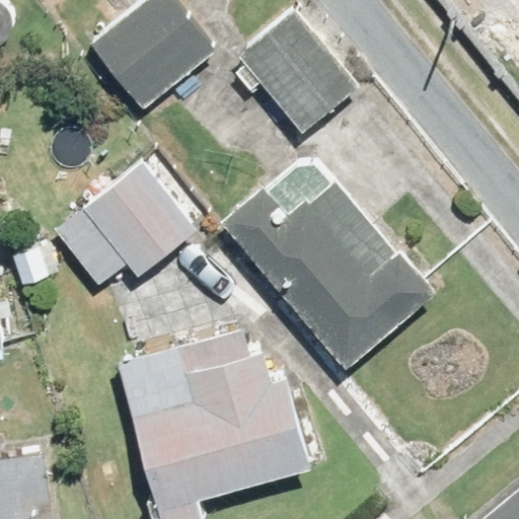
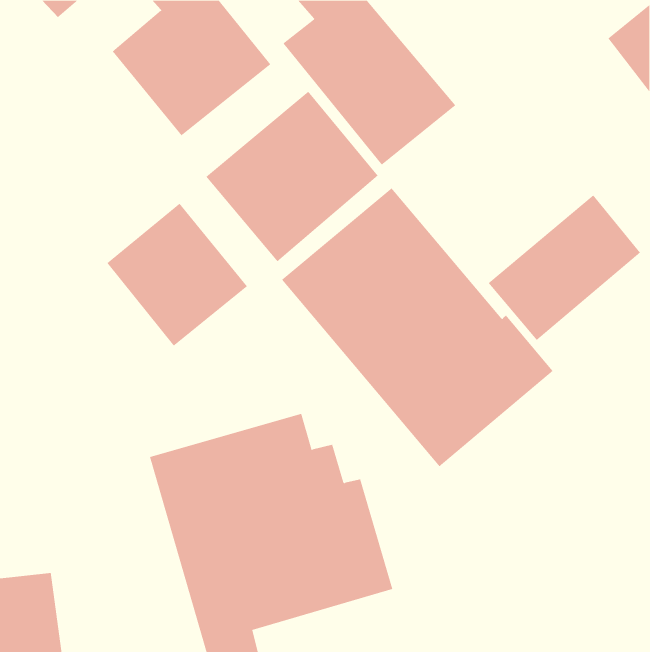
building: none -> [206,91,379,262]
building: none -> [488,195,641,341]

